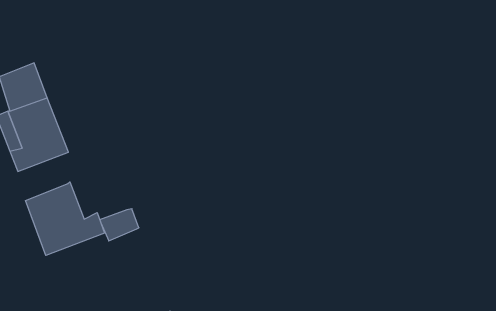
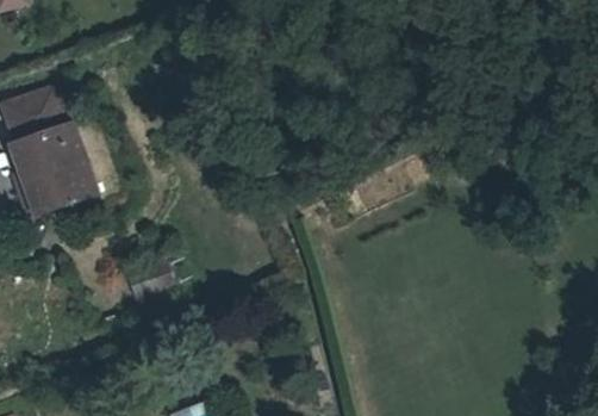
building: [25,182,104,255] -> none

